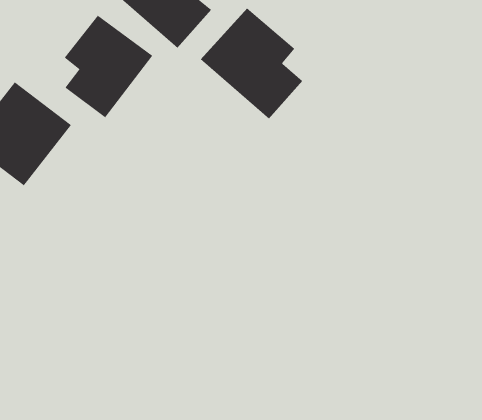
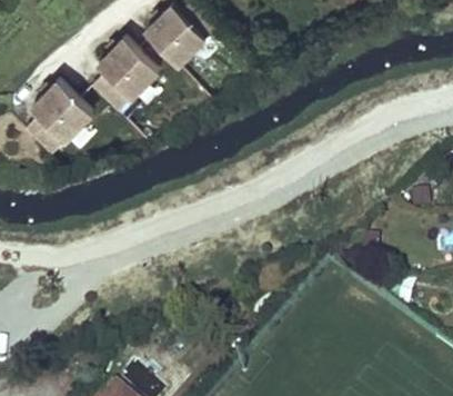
building: [200,7,303,120] -> none

